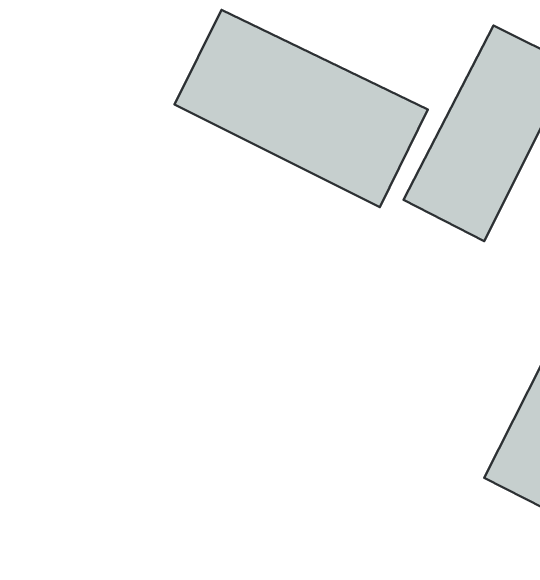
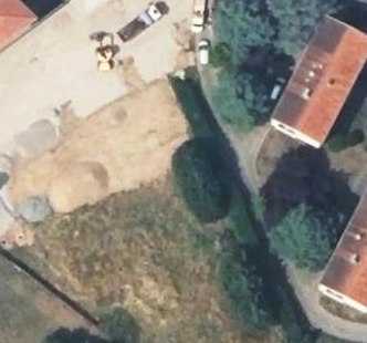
building: [174,10,428,207] -> none

